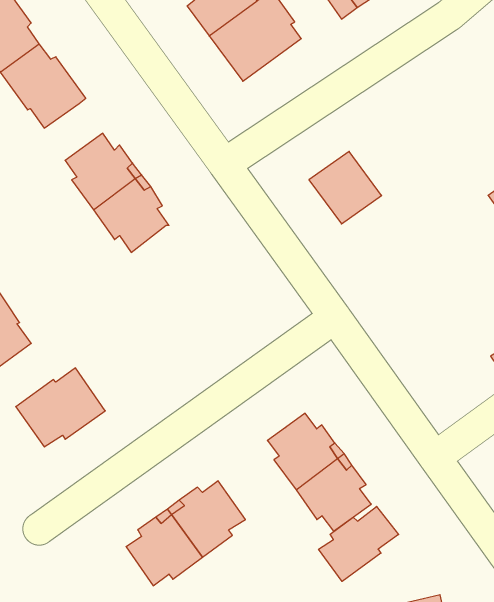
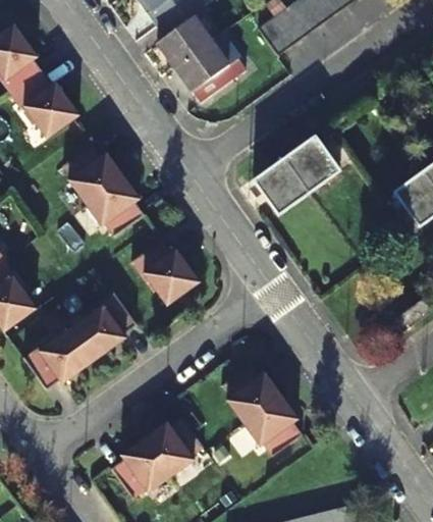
building: none -> [285,134,340,191]
building: none -> [133,238,199,303]
building: none -> [70,292,137,360]
building: [319,506,399,581] -> none

